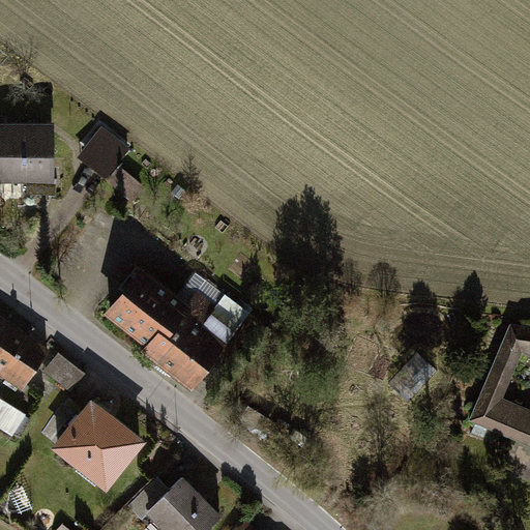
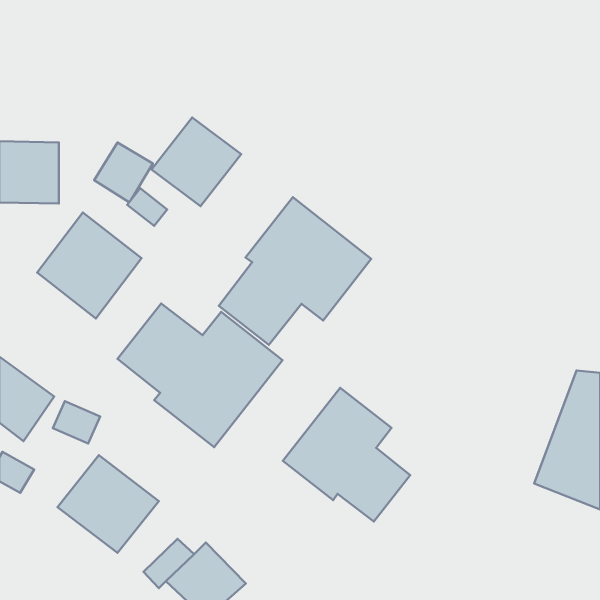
building: none -> [152,117,241,206]
building: none -> [219,197,371,345]
building: none -> [37,212,141,318]
building: none -> [283,388,410,521]

